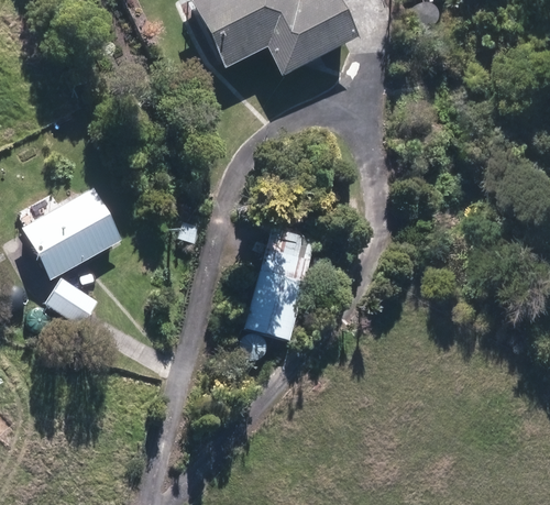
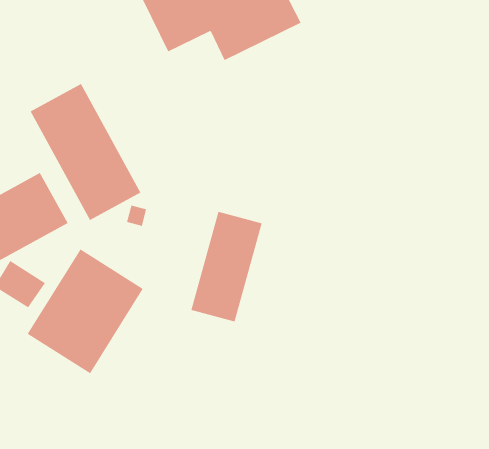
building: none -> [30,83,141,221]
building: none -> [27,249,144,374]

